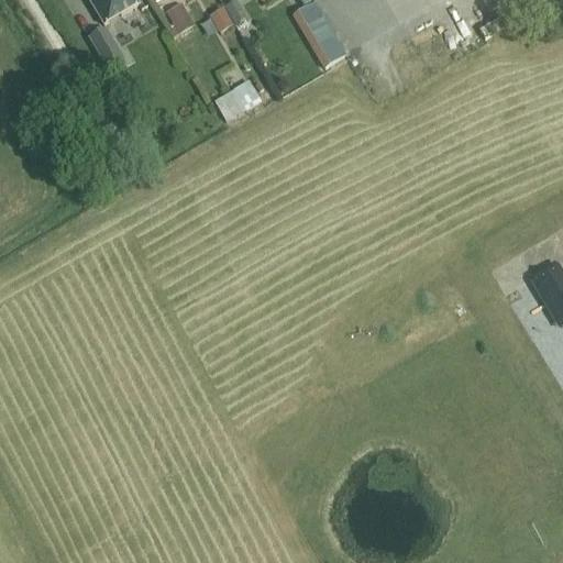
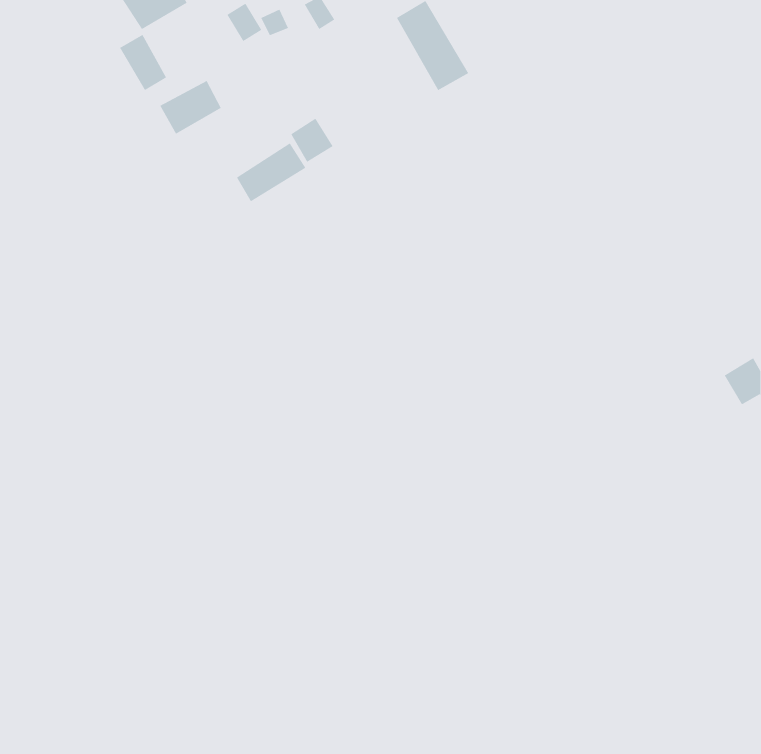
building: none -> [159,80,222,134]
building: none -> [236,143,306,202]

